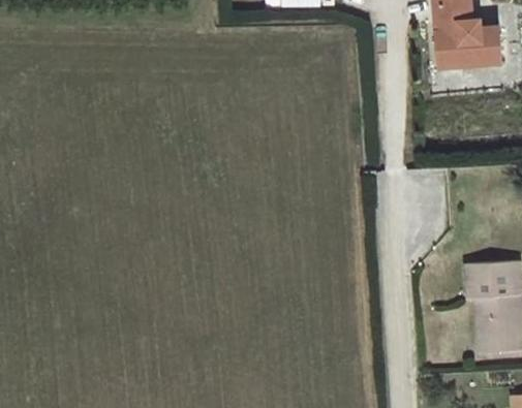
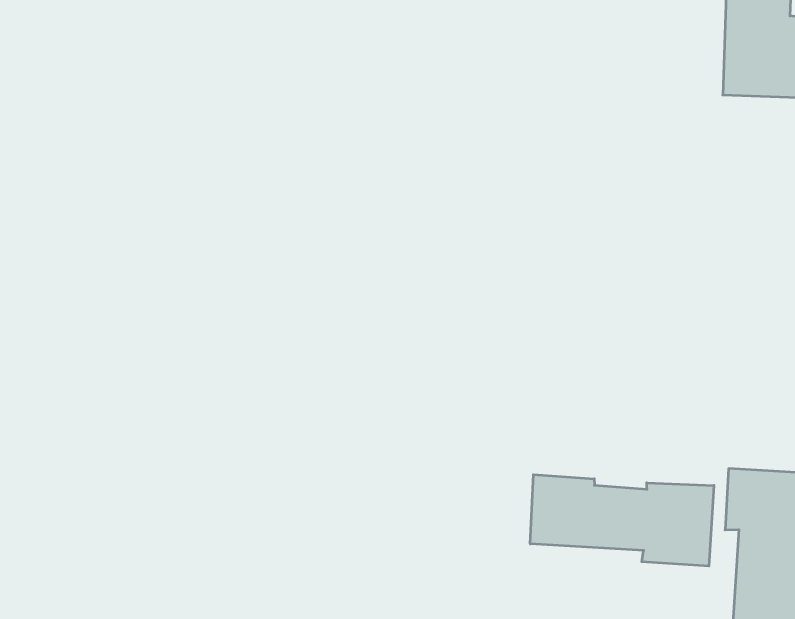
building: none -> [530,475,714,566]

